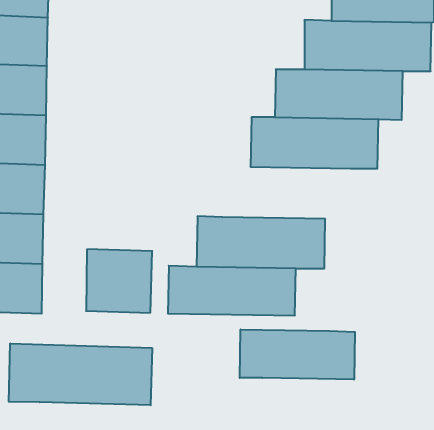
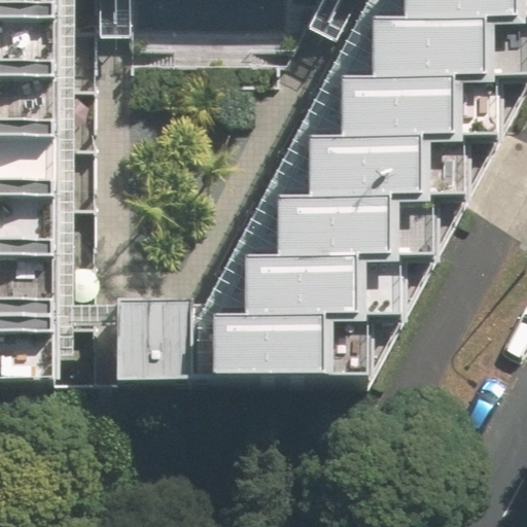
building: none -> [264,197,415,259]
building: [240,329,355,380] -> none
building: [9,343,152,405] -> none

